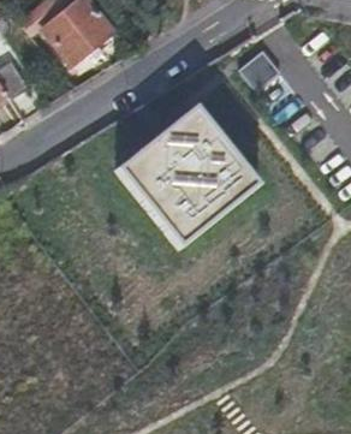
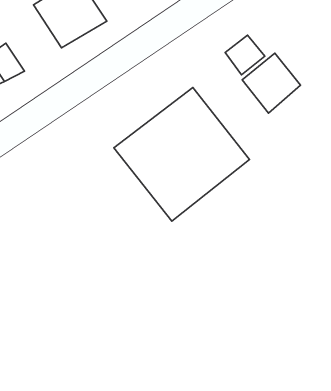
building: none -> [242,53,301,113]

